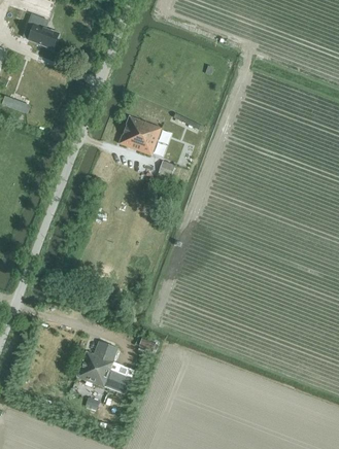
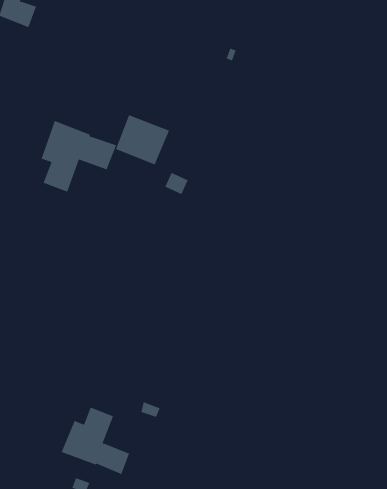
building: none -> [41,120,117,192]

